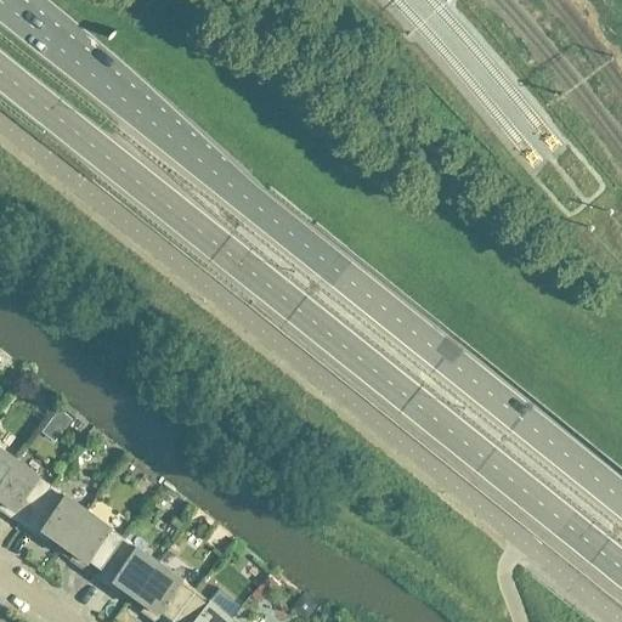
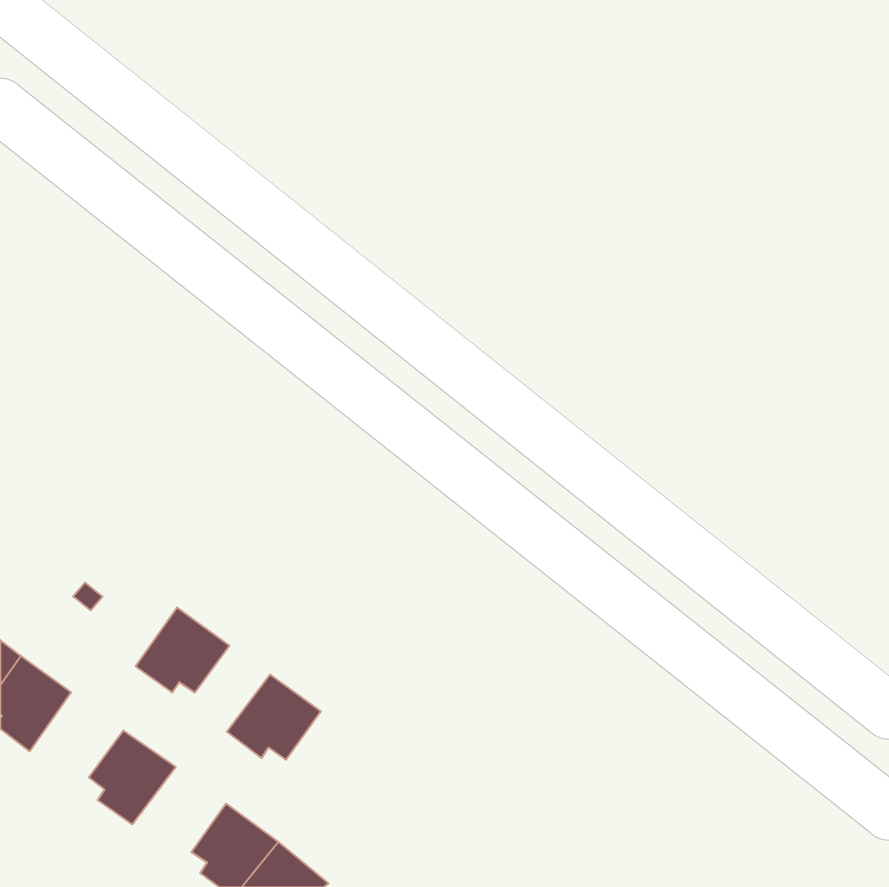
building: [21,484,86,543] -> [136,607,229,693]
building: [92,536,158,595] -> [227,675,321,760]

